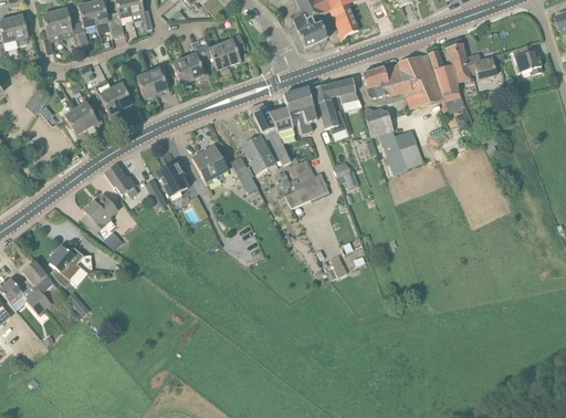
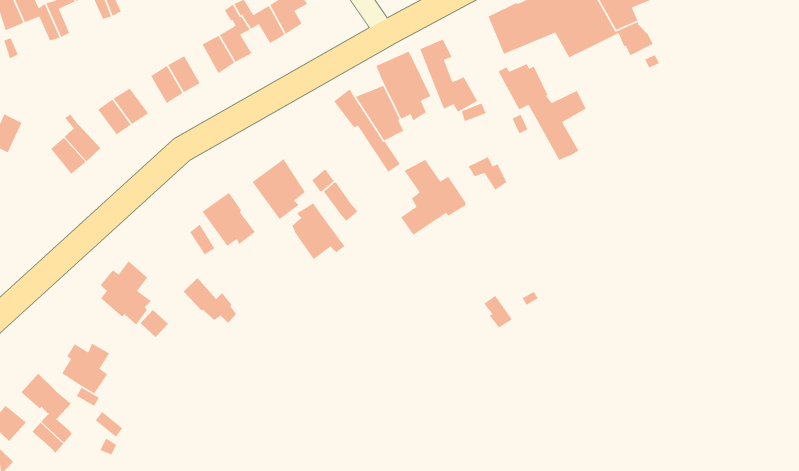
building: [331,77,359,103] -> none
building: [243,136,276,174] -> [291,202,346,260]
building: [105,164,138,197] -> [183,277,237,324]

